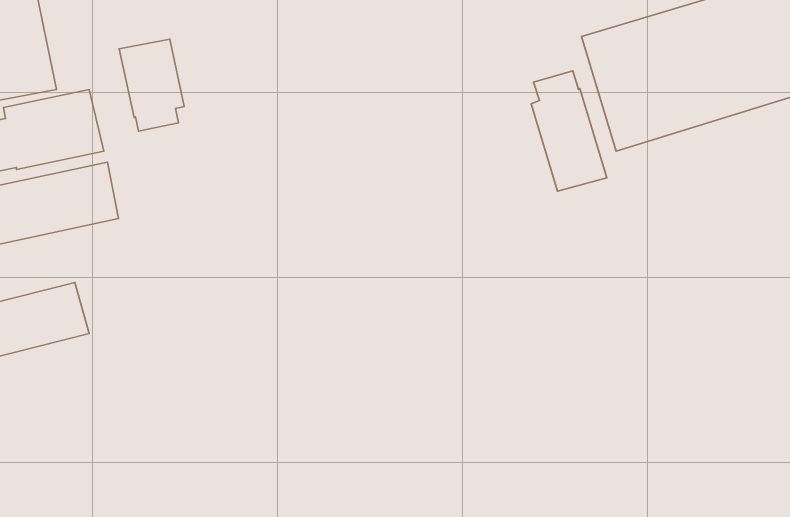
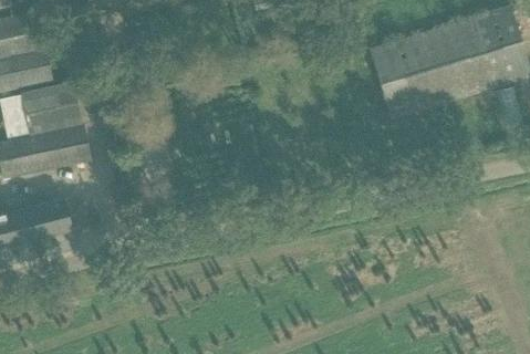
building: [119,39,184,131] -> none
building: [531,71,607,191] -> none

